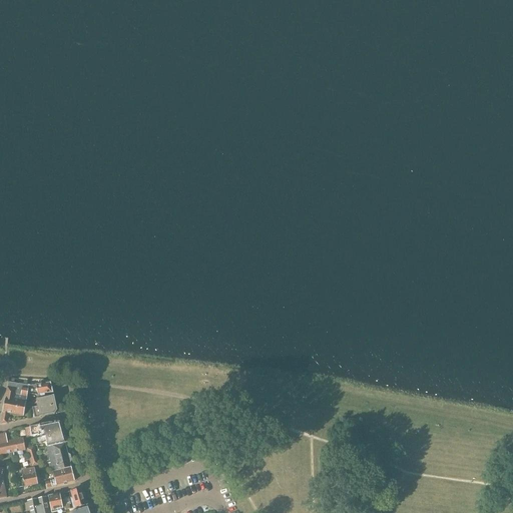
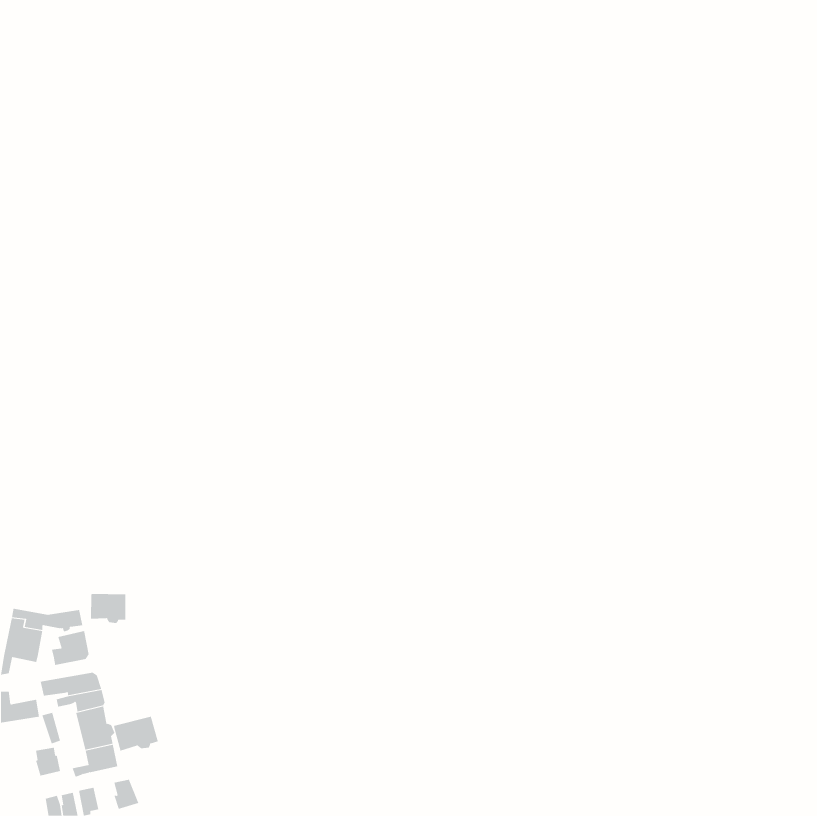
building: none -> [91,593,126,624]
building: none -> [113,716,159,751]

